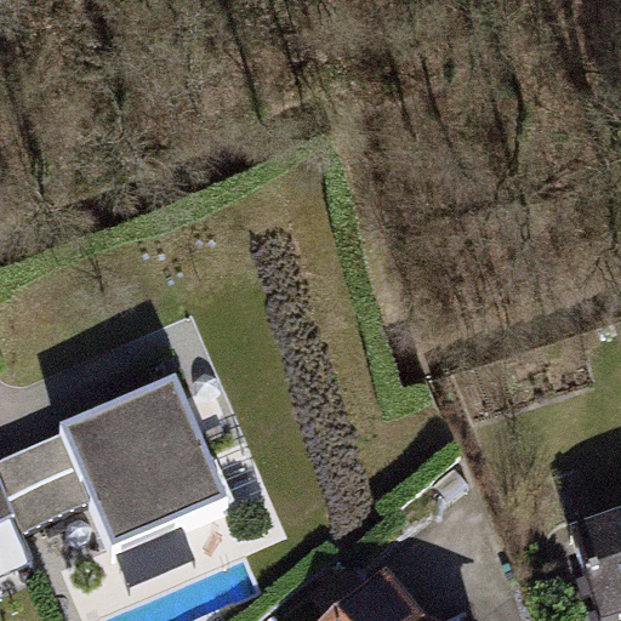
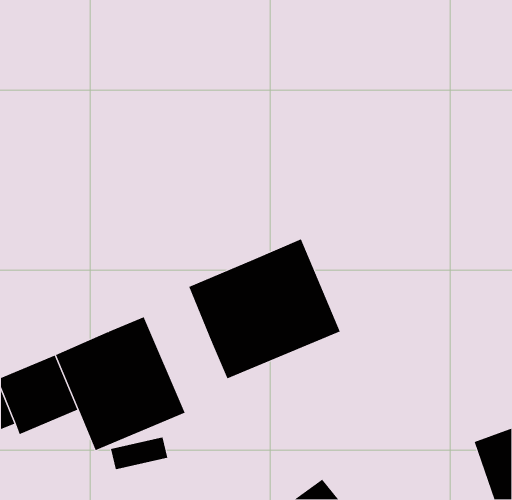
building: none -> [189,239,340,379]

